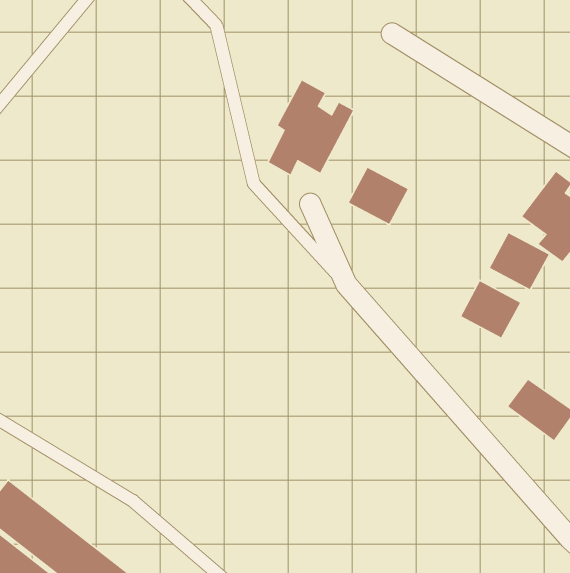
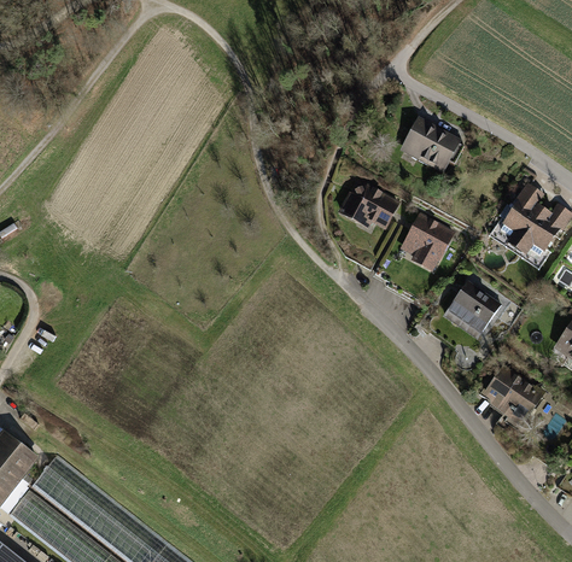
building: [268,80,354,175] -> none
building: none -> [399,118,453,169]
building: [489,232,550,290] -> [401,213,454,264]

